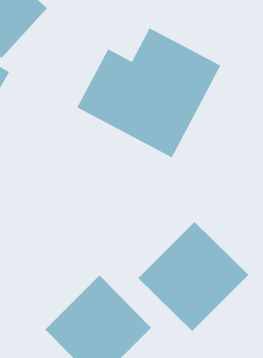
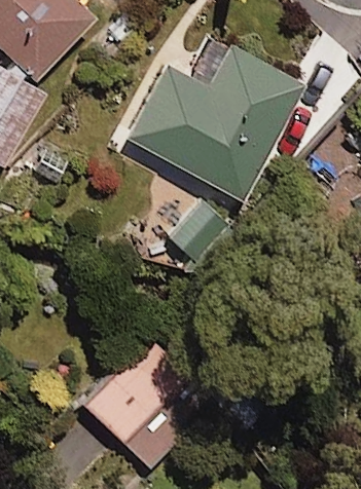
building: [137,221,249,332] -> none

